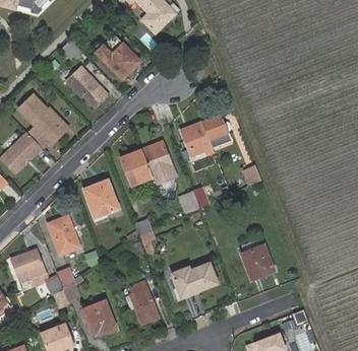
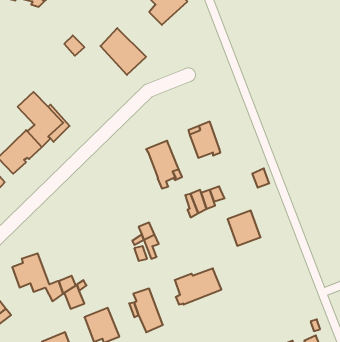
building: [65,67,109,109] -> none
building: [200,115,231,148] -> none
building: [119,152,152,185] -> none
building: [81,180,112,214] -> none
building: [51,219,80,255] -> none
building: [241,243,273,277] -> [228,211,261,246]

